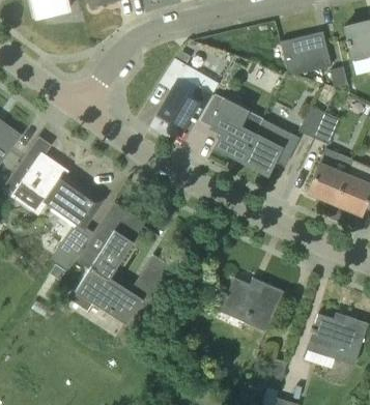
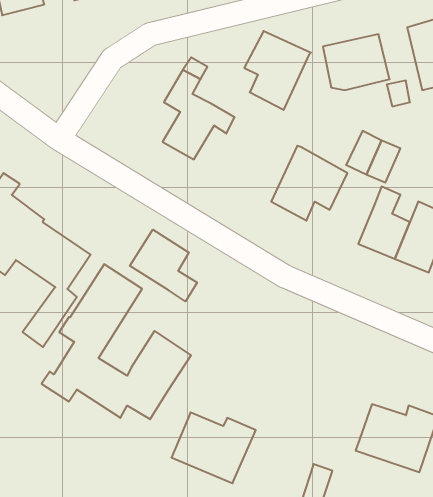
building: [211,99,262,160] -> [244,31,311,110]
building: none -> [130,230,197,301]
building: [220,278,284,331] -> [171,412,256,483]

